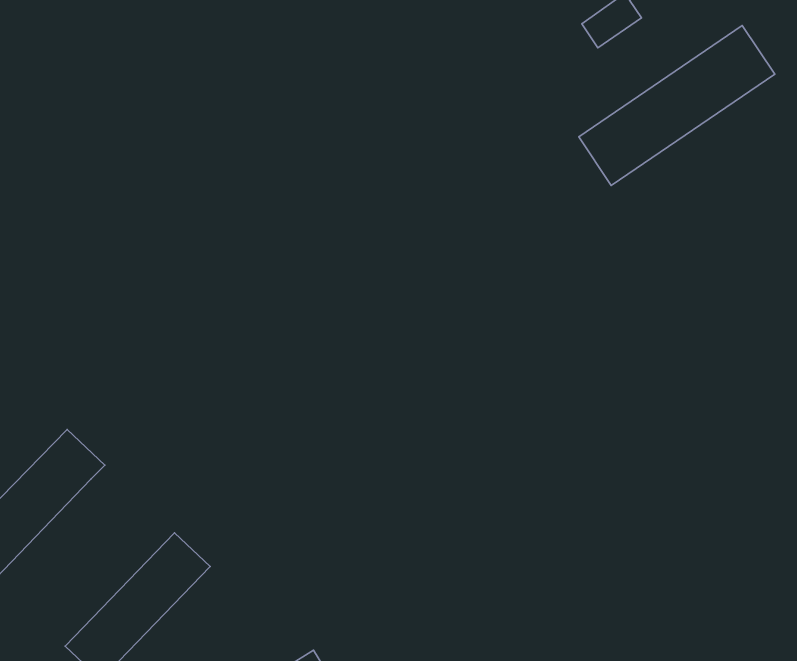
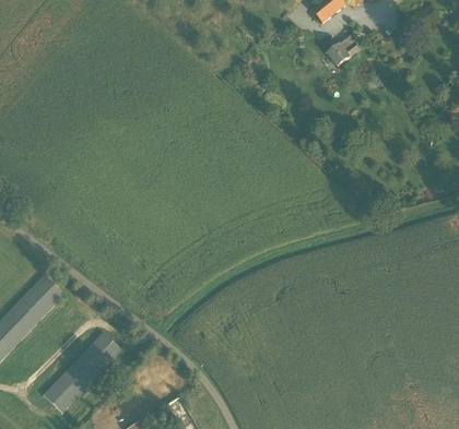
building: [579,25,775,186] -> none

